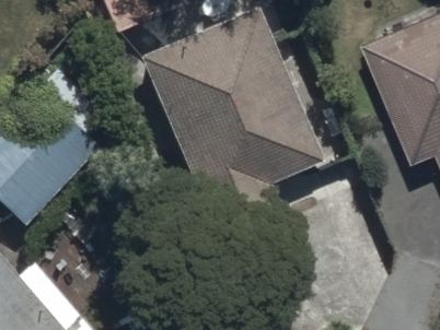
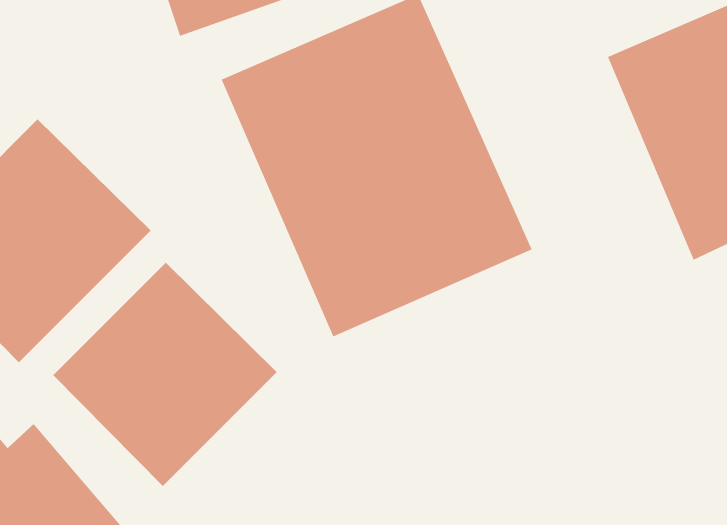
building: none -> [53,262,278,487]

